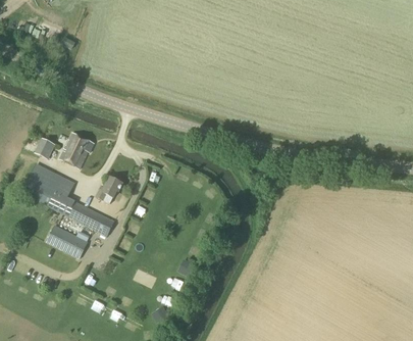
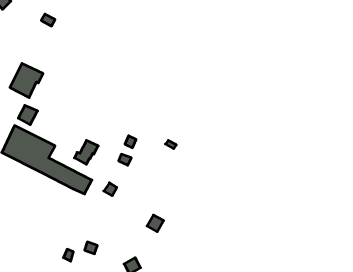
building: [59,132,96,169] -> [10,63,43,98]
building: [47,225,89,258] -> none

